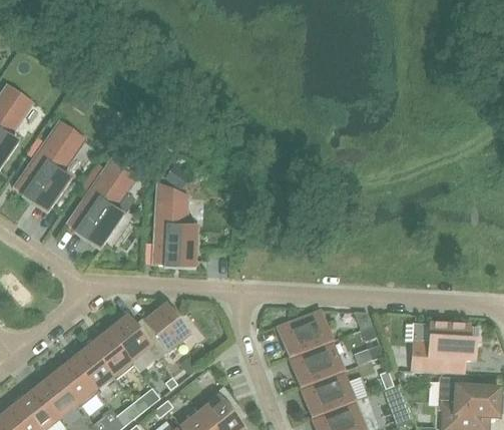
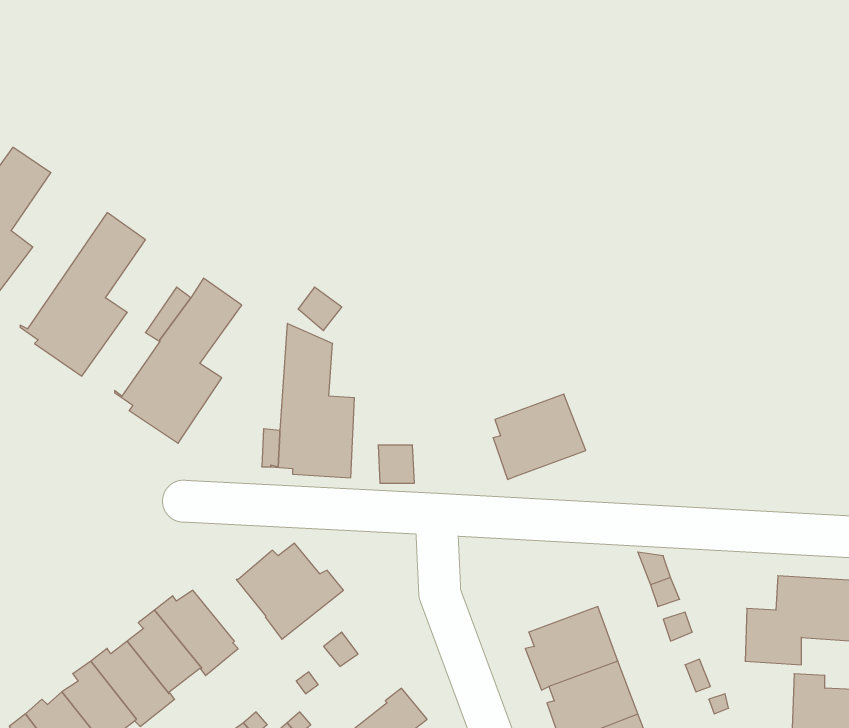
building: [281,310,332,357] -> [493,394,586,479]
building: [108,314,148,360] -> none

